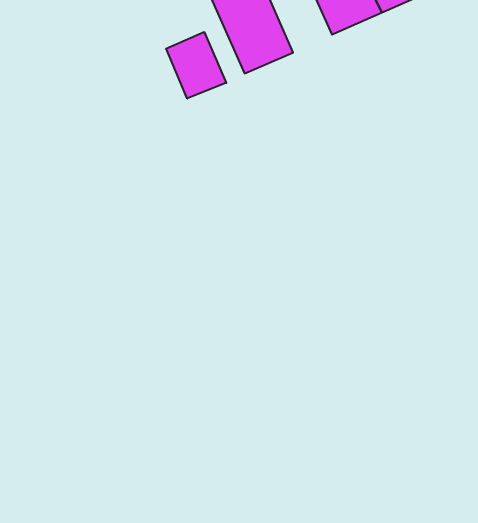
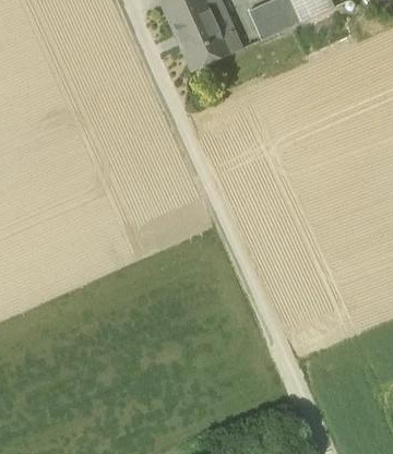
building: [166,32,226,99] -> none

